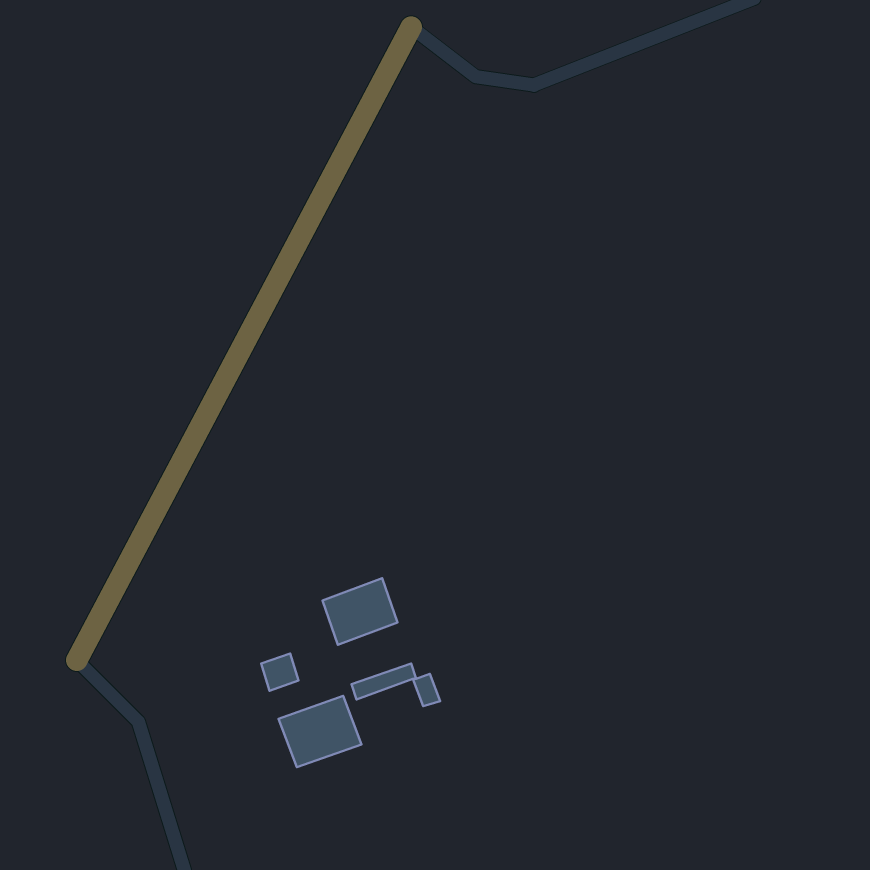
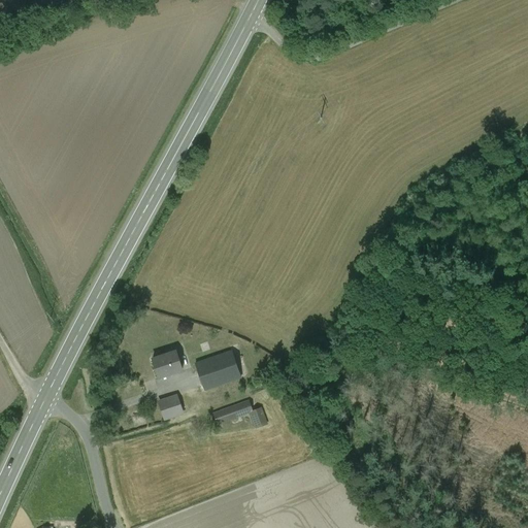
building: none -> [152,351,182,376]
building: [278,696,361,767] -> none

